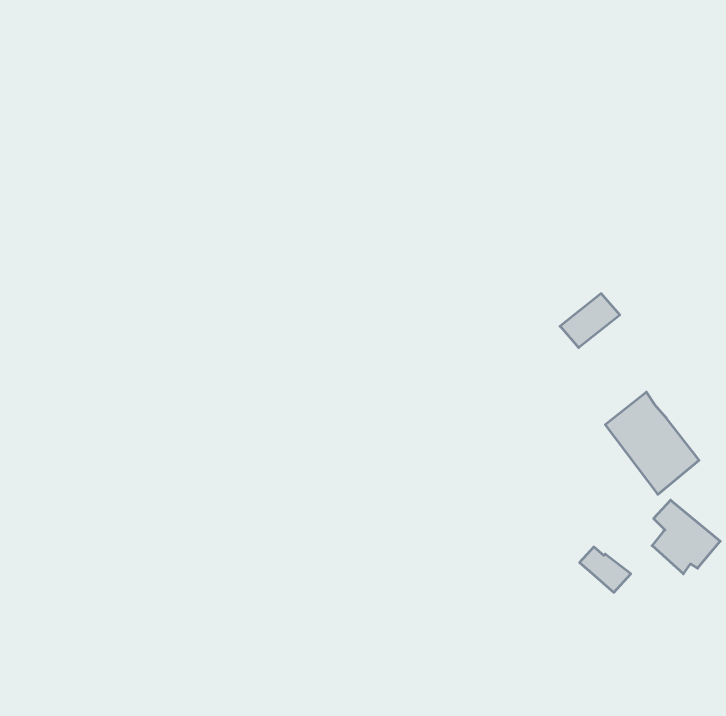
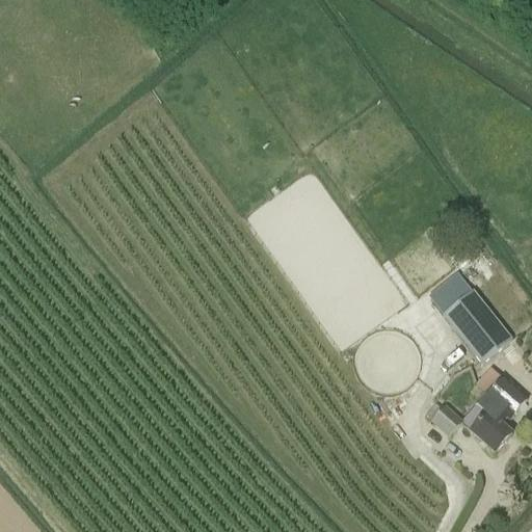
building: [560,294,620,348] -> [429,271,473,311]
building: none -> [469,408,512,450]

